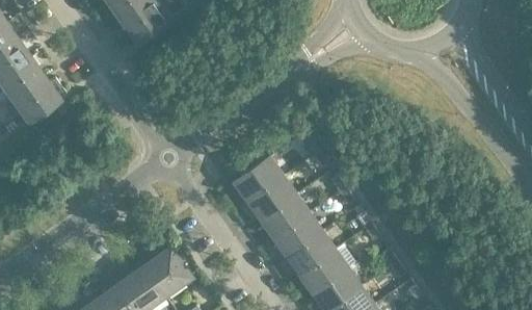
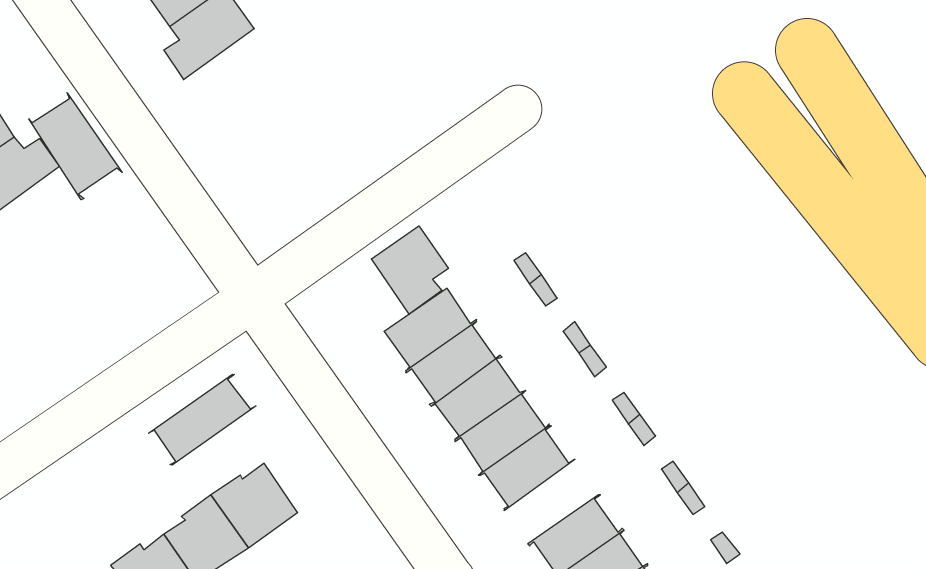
building: none -> [29,93,122,200]
building: none -> [371,226,448,314]
building: none -> [149,374,256,465]
building: [299,249,349,293] -> none

